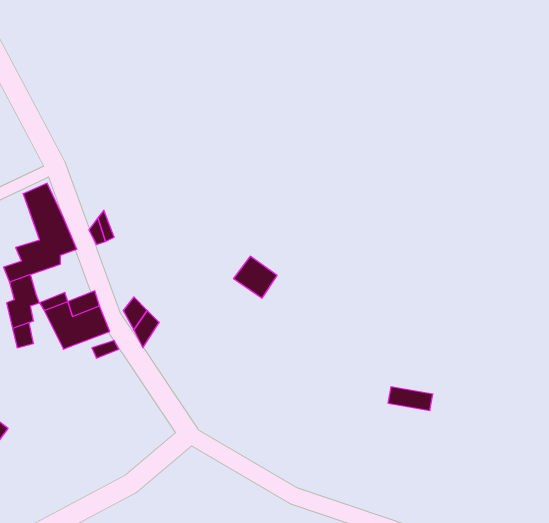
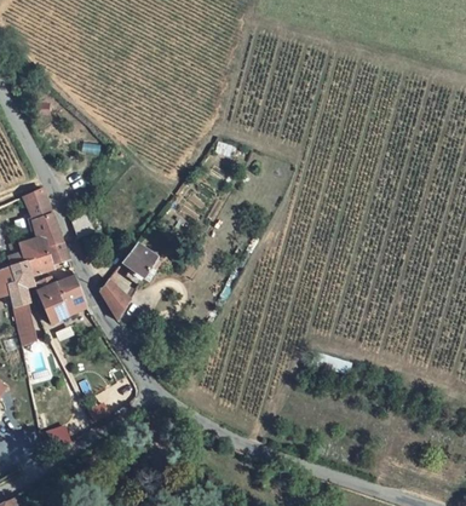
building: none -> [25,242,73,280]
building: [234,256,277,298] -> [122,245,157,278]
building: none -> [15,300,38,349]

